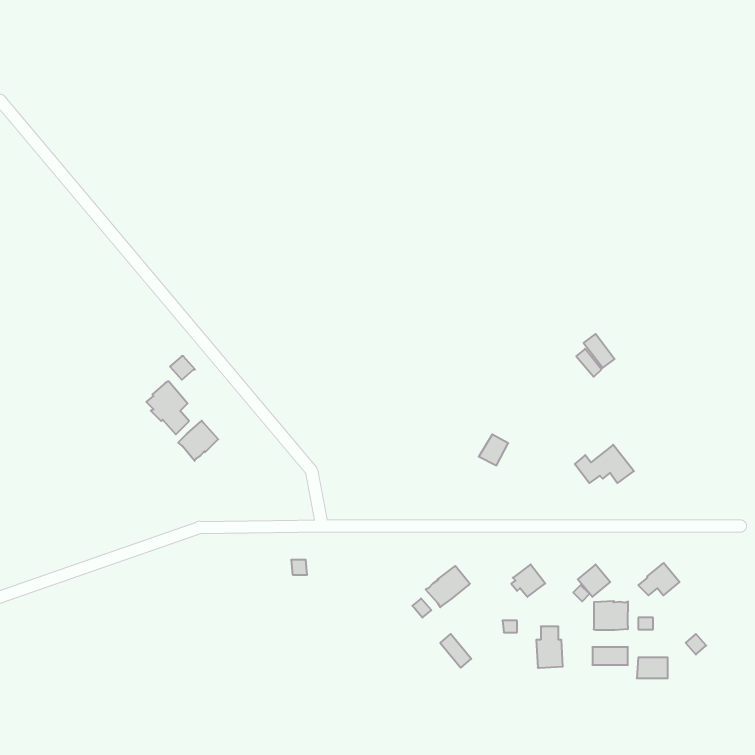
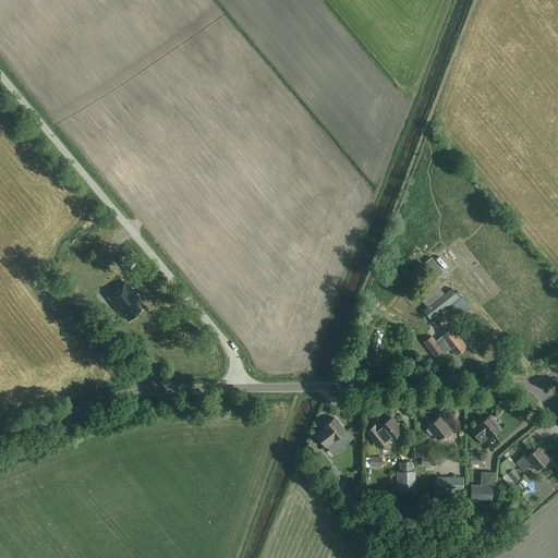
building: none -> [424,288,472,327]
building: [178,421,218,461] -> none
building: [594,601,628,630] -> none
building: none -> [515,446,550,472]

